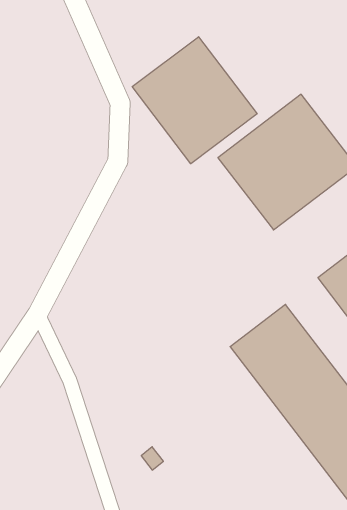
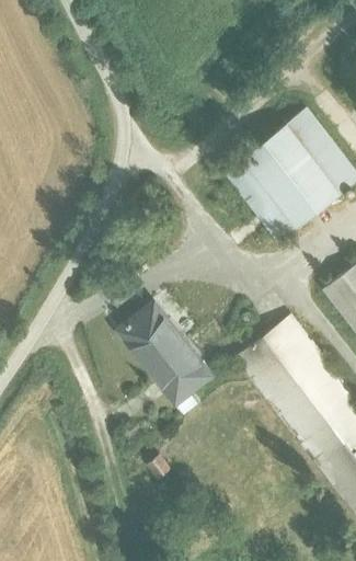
building: [132,37,257,164] -> none
building: none -> [119,304,214,414]

